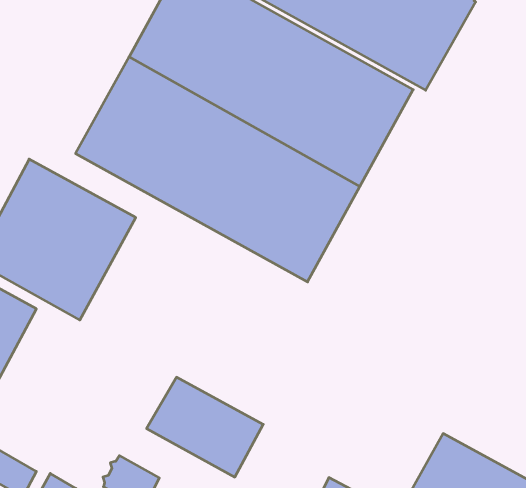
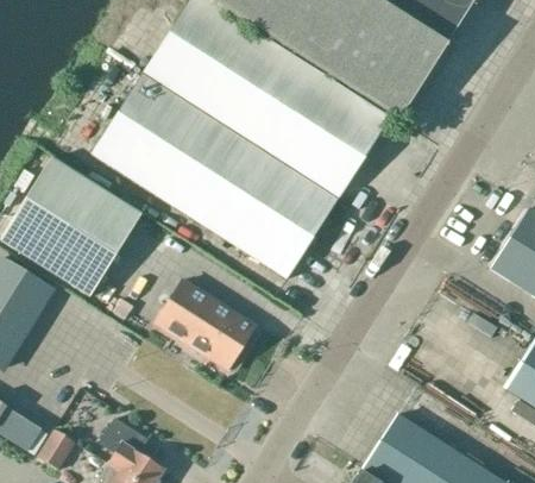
building: [147,377,263,477] -> [153,281,254,370]

